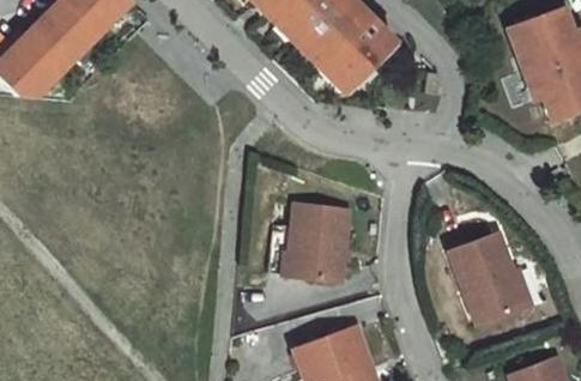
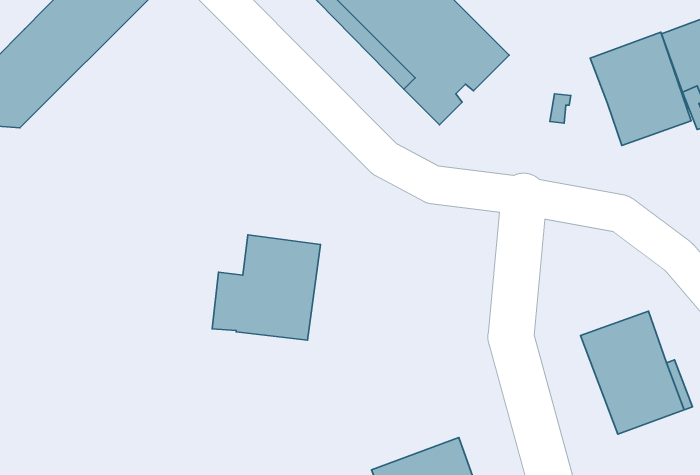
building: none -> [590,32,691,146]
building: [271,202,351,280] -> [212,235,321,340]

